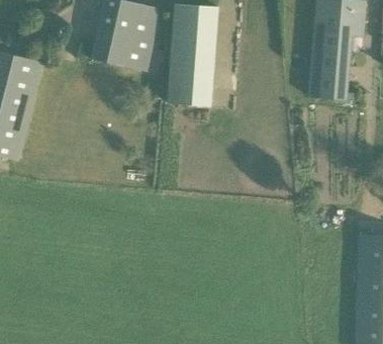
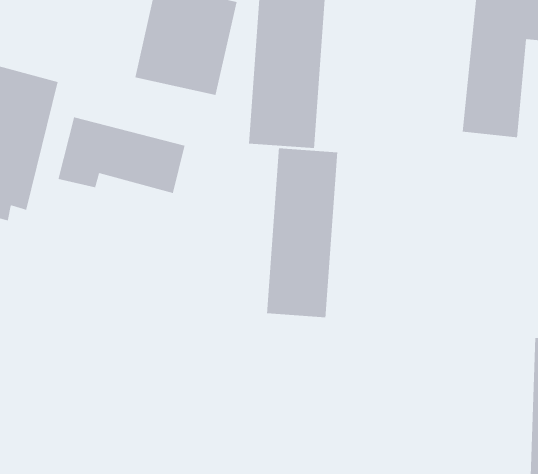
building: none -> [58,117,185,194]
building: none -> [267,148,338,318]

